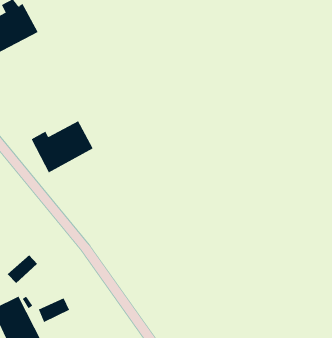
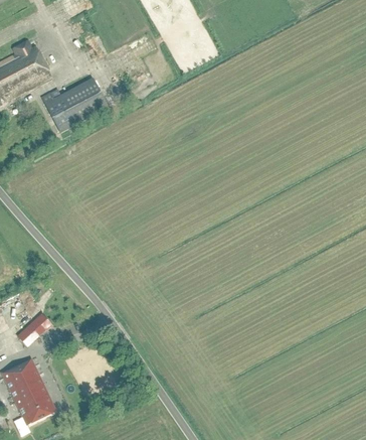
building: [31,120,94,173] -> [40,77,108,133]
building: [38,297,70,323] -> none

